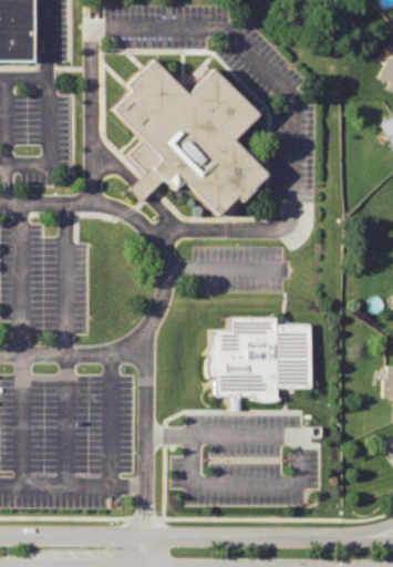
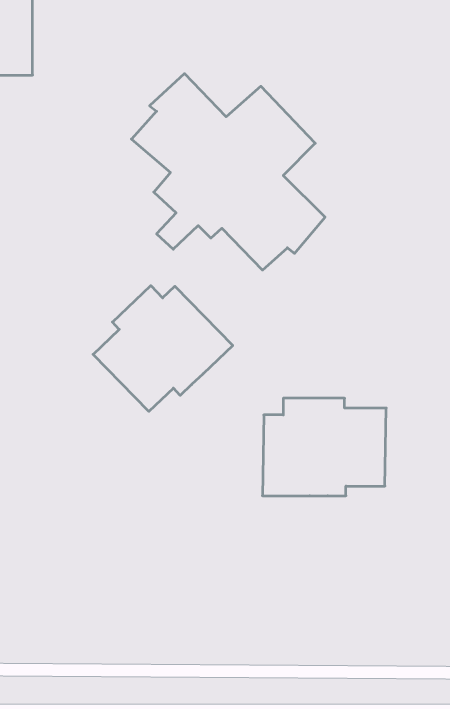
building: none -> [93,286,233,411]

